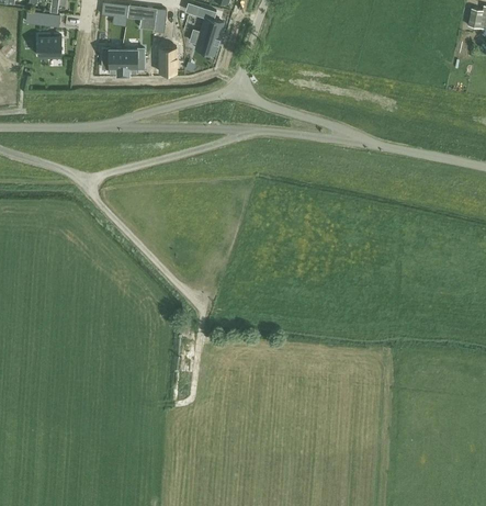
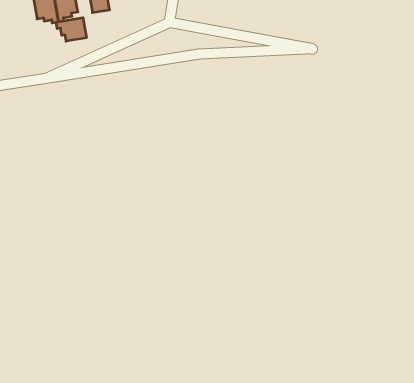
building: none -> [56,18,86,41]

